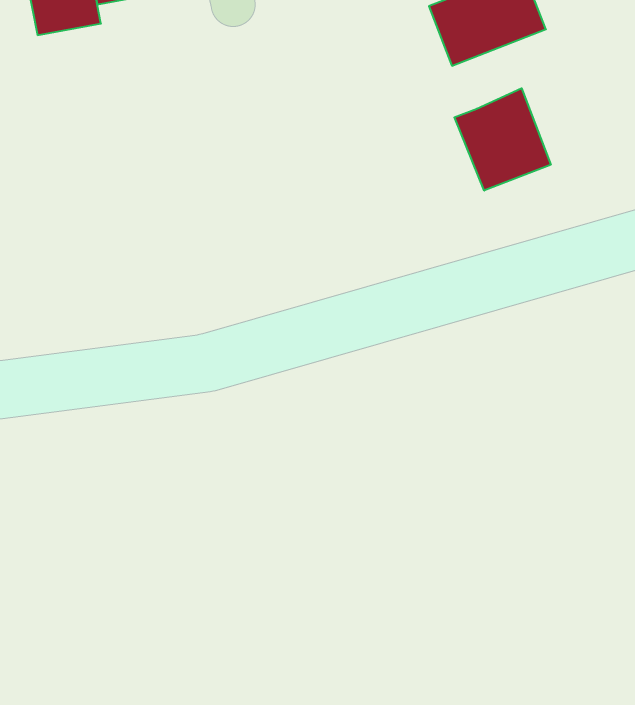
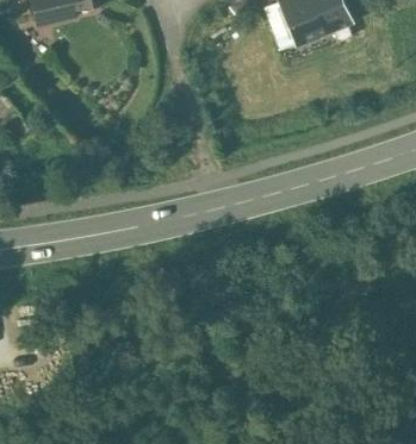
building: [454,88,551,191] -> none

